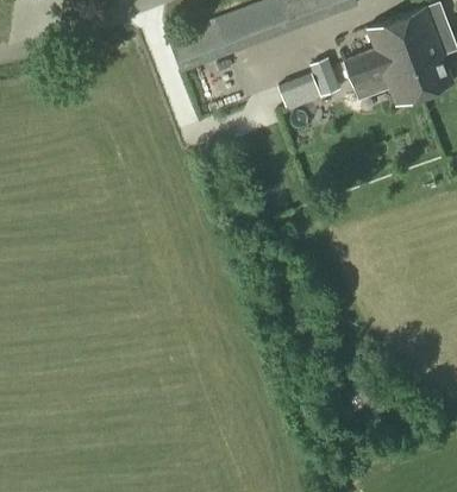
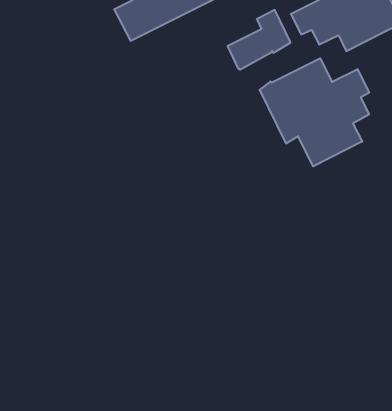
building: none -> [260,58,369,166]

